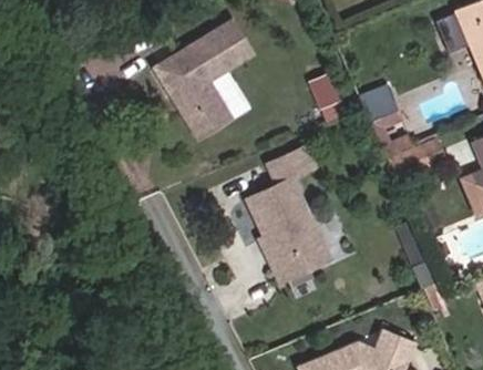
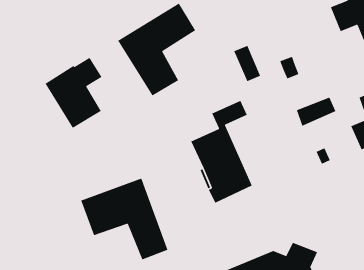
building: none -> [44,57,102,129]
building: none -> [80,177,169,261]

